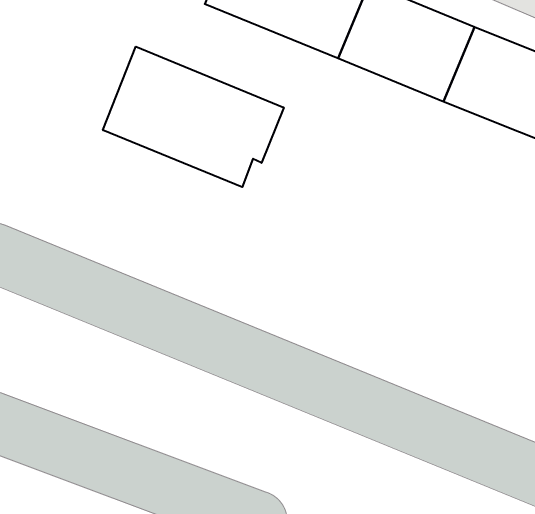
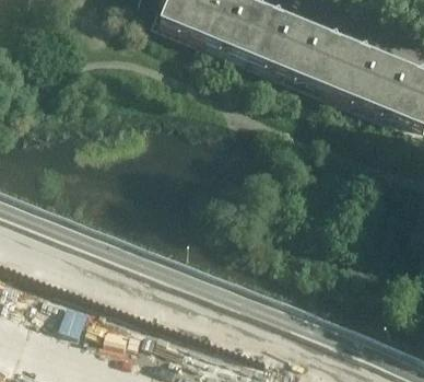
building: [103,47,284,187] -> none

